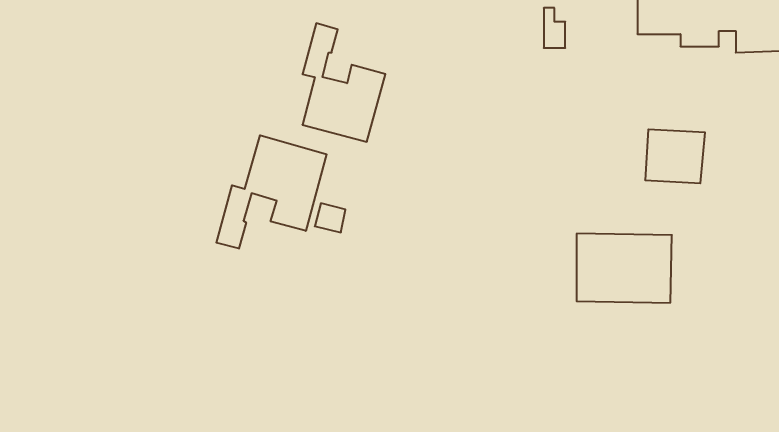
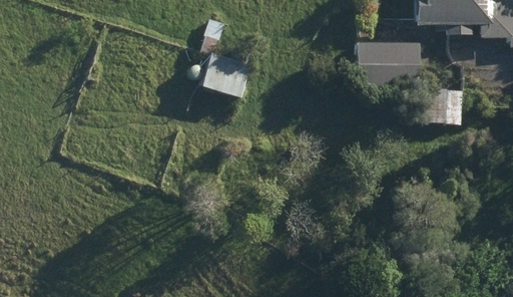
building: [216,135,327,249] -> none
building: [577,234,672,303] -> [356,41,418,86]

